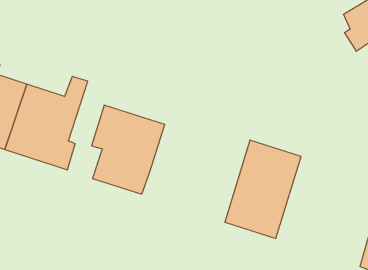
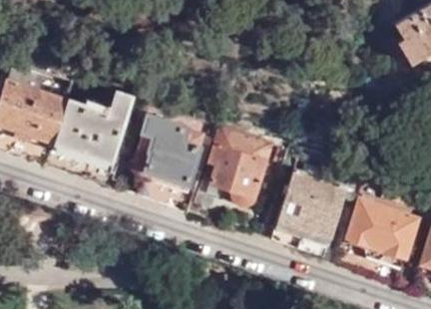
building: none -> [189,125,272,229]
building: none -> [339,172,420,277]

